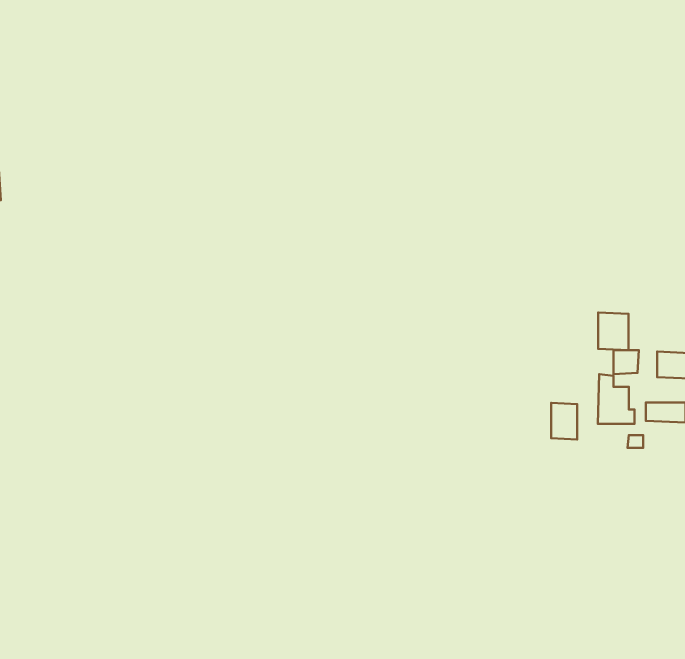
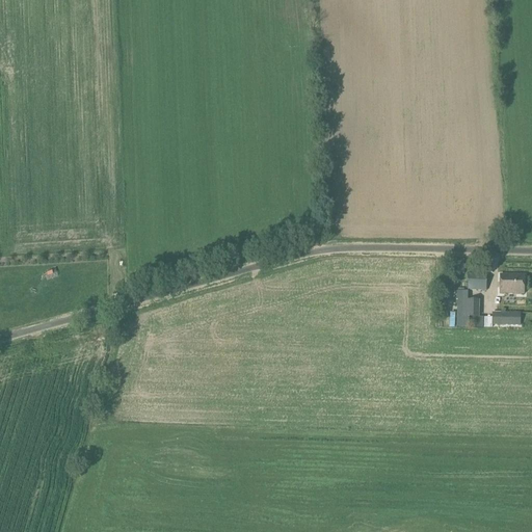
building: [598,313,629,350] -> none
building: [551,403,577,439] -> none

